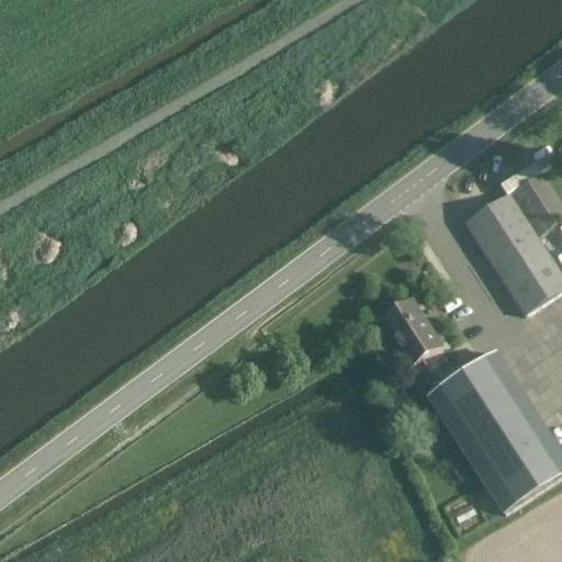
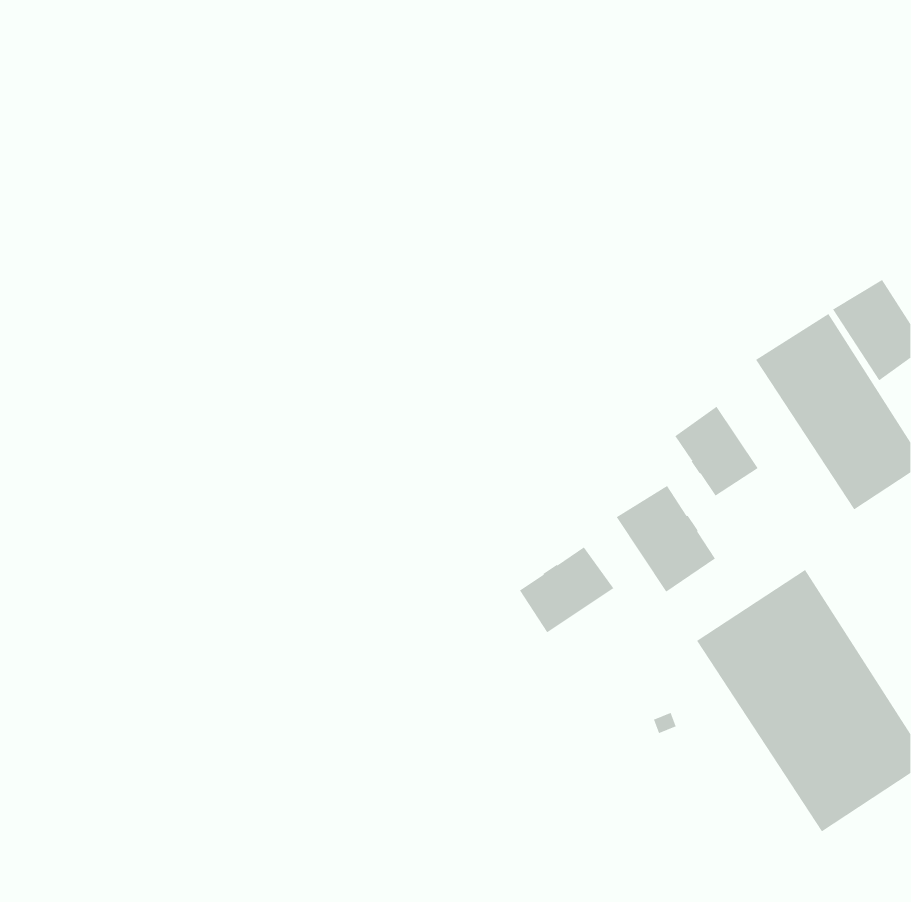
building: none -> [675,406,758,497]
building: none -> [519,546,614,633]

